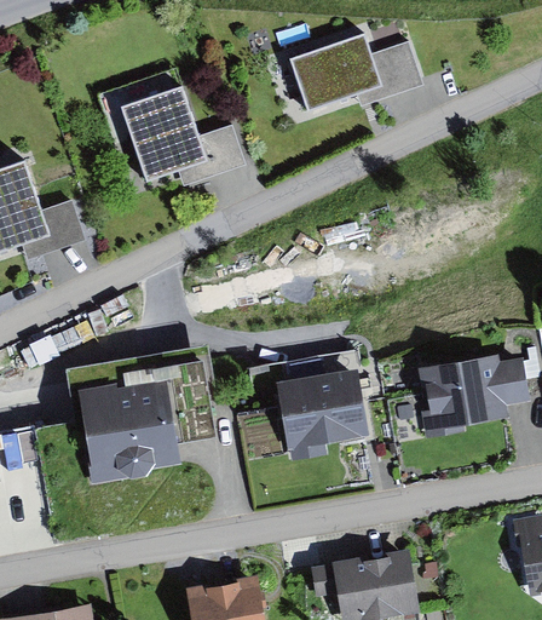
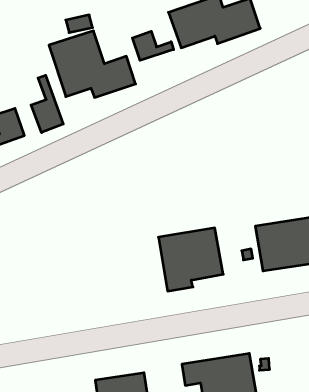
building: none -> [132,31,174,60]
building: none -> [31,75,63,133]
building: [77,381,180,483] -> none

